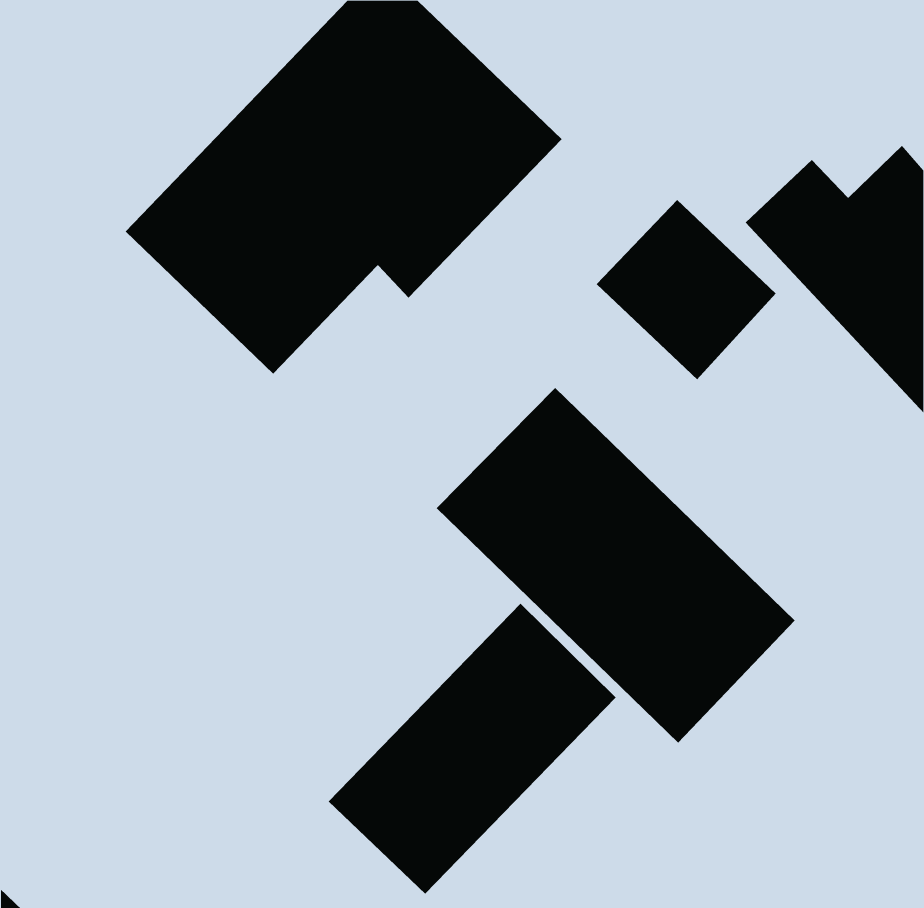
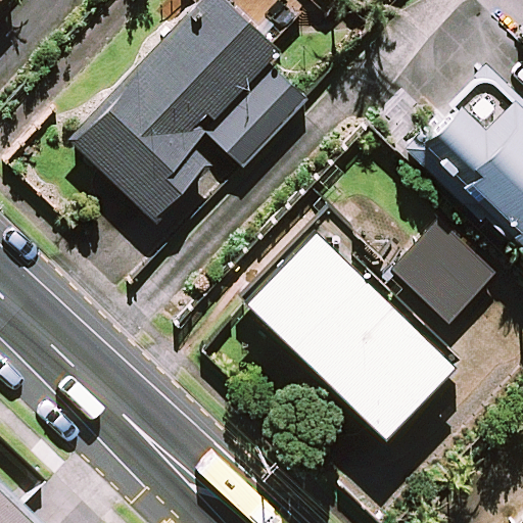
building: [596,199,777,380] -> [391,224,493,326]
building: [328,603,616,894] -> none

